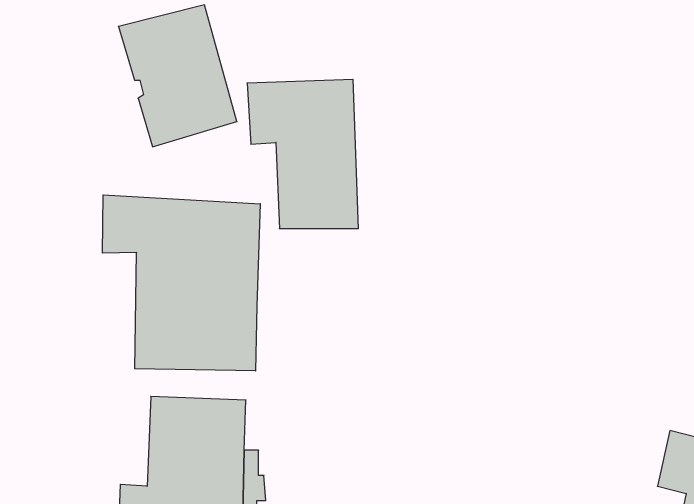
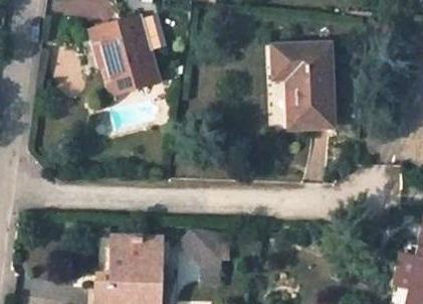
building: [247,79,358,229] -> [271,43,334,127]
building: [102,195,260,371] -> none

